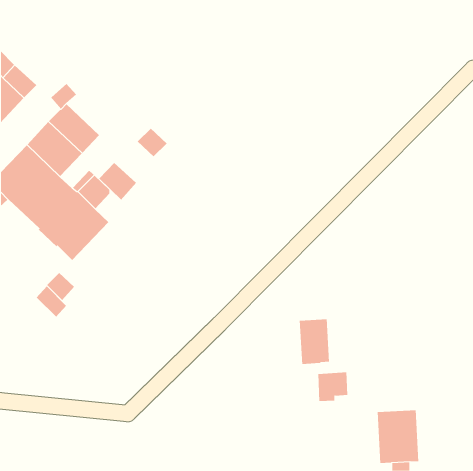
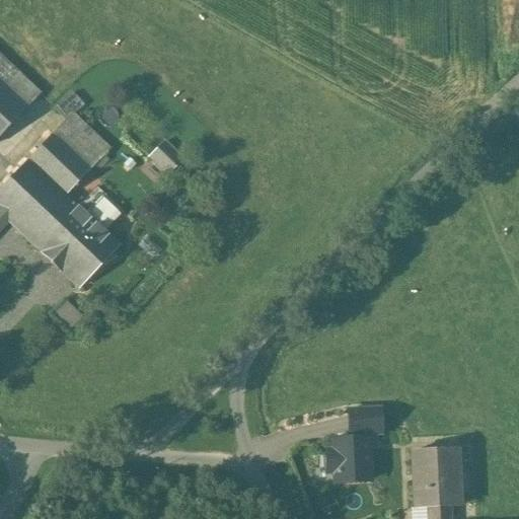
building: [99,162,137,200] -> none
building: [36,286,67,318] -> none
building: [299,318,329,365] -> none
building: none -> [326,439,369,481]

